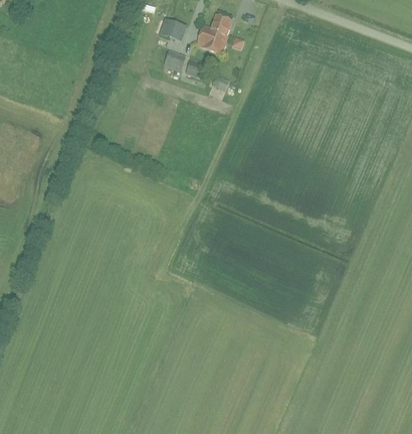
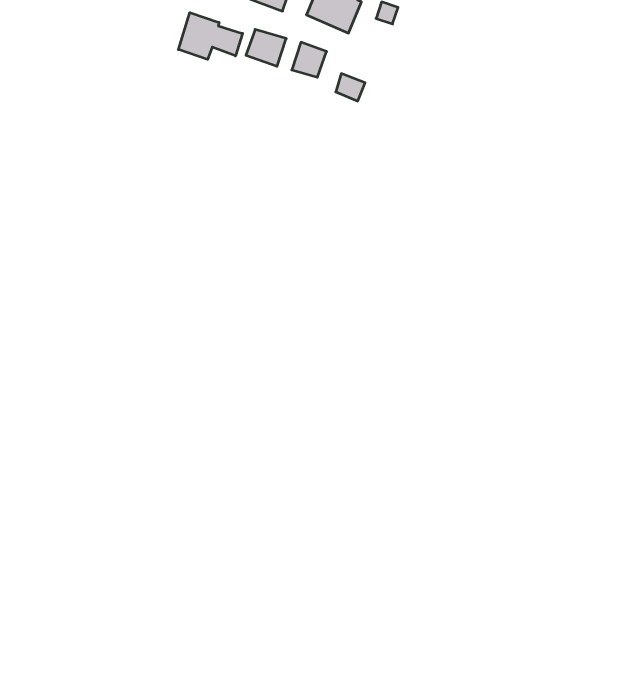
building: none -> [178,13,243,59]

